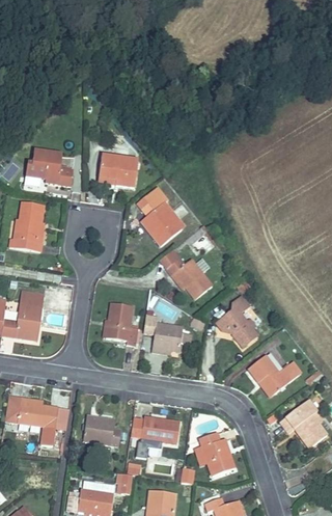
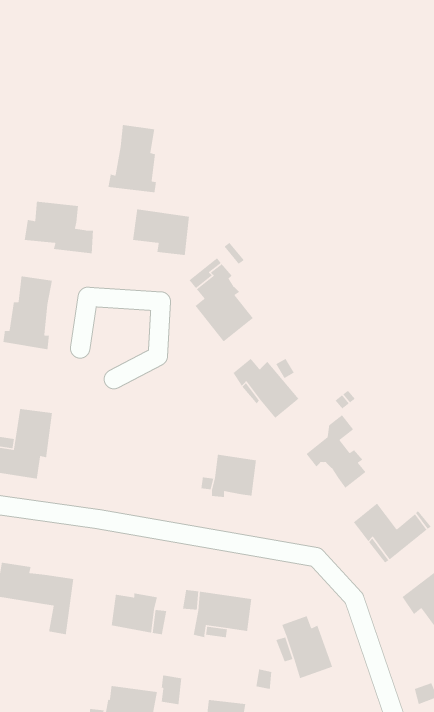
building: none -> [107,124,157,193]
building: [106,302,138,345] -> none

